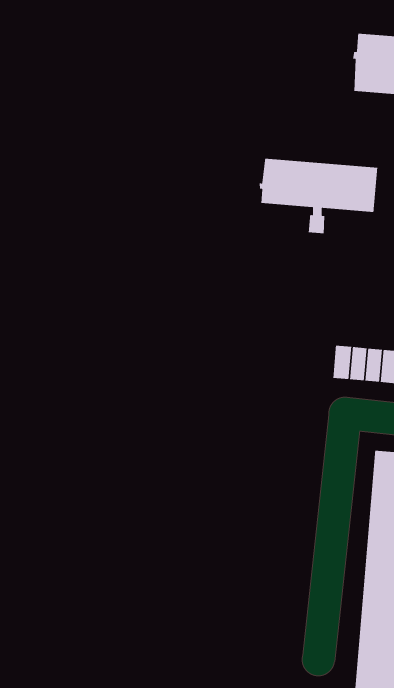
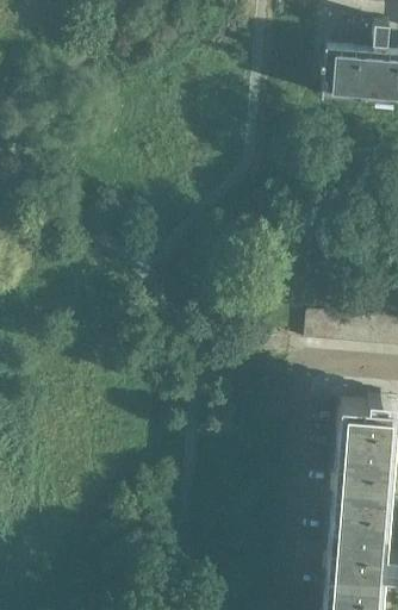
building: [259,158,378,234] -> none

